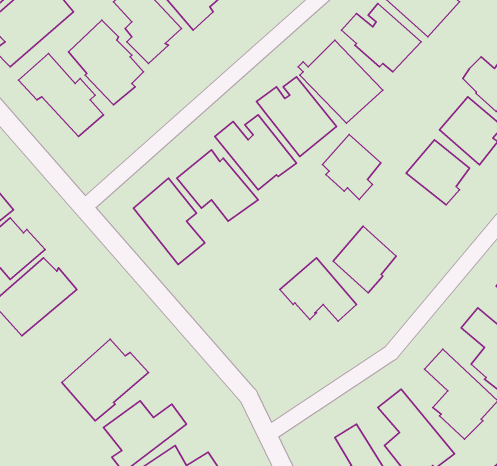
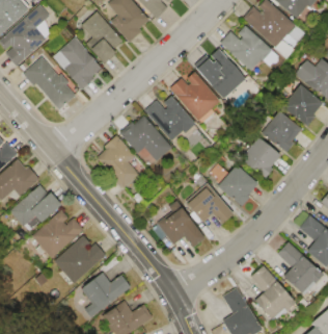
building: [322,135,381,199] -> [245,137,281,178]
building: none -> [154,206,203,248]
building: none -> [29,211,82,259]

